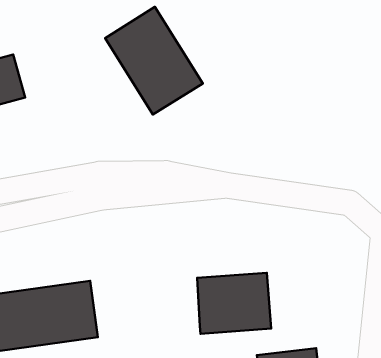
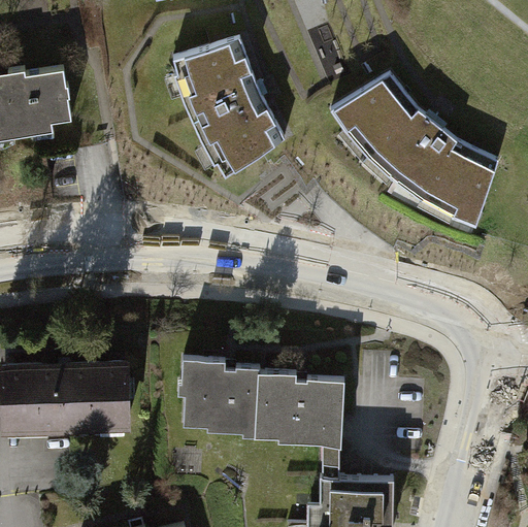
building: none -> [334,73,495,228]
building: none -> [175,360,255,434]

